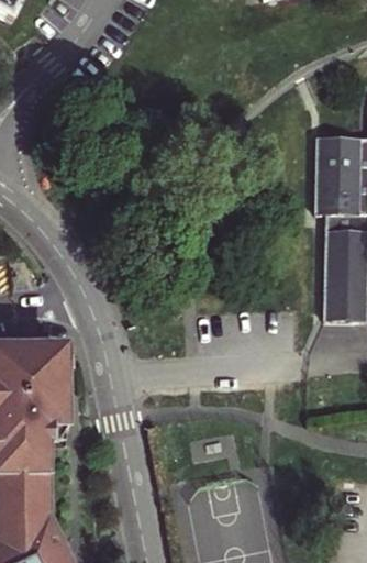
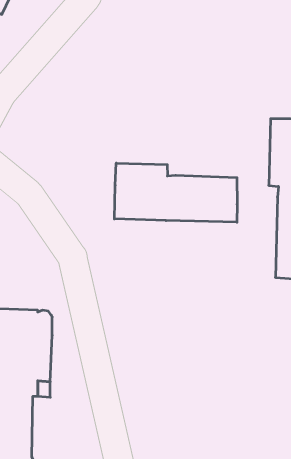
building: none -> [114,163,237,222]

